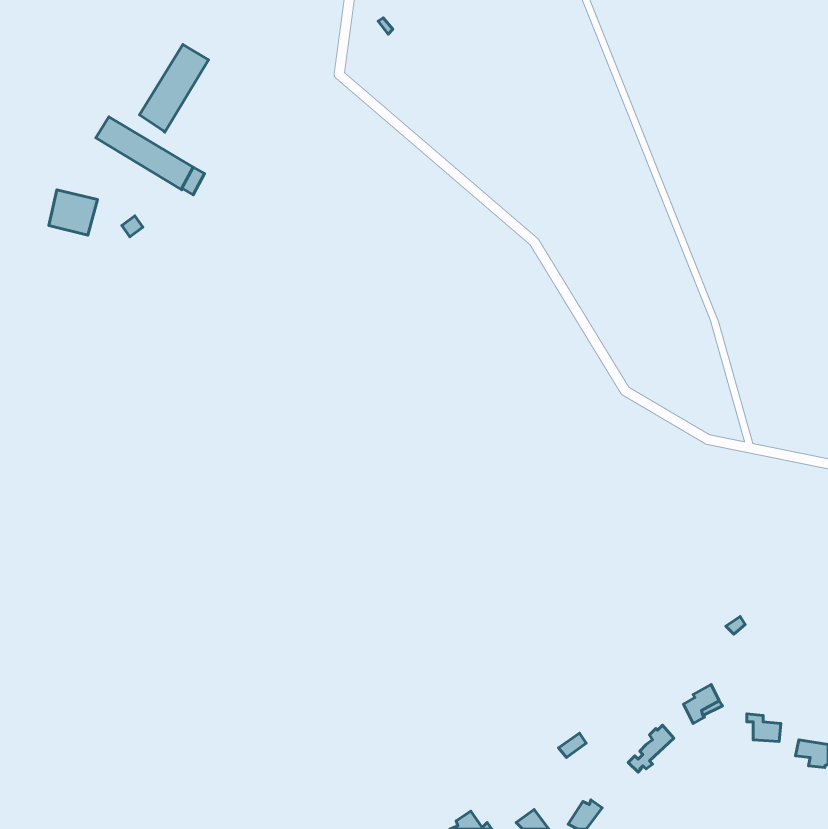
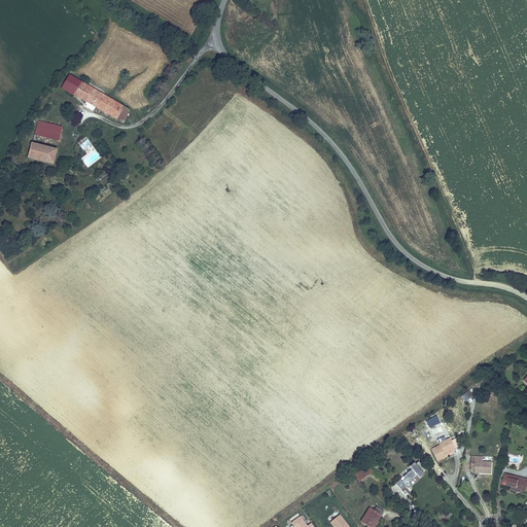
building: [139,44,209,132] -> none
building: none -> [27,143,56,165]

